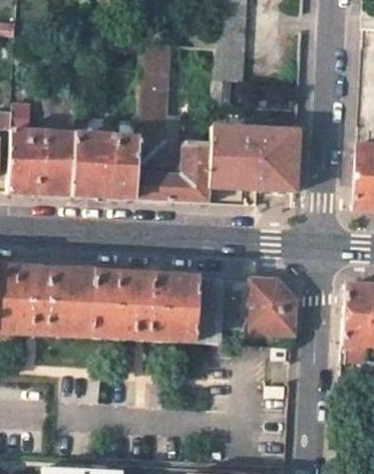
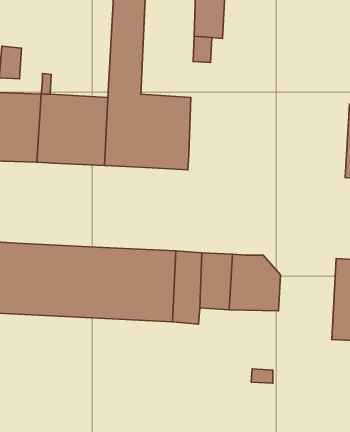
building: [211,128,298,193] -> none

